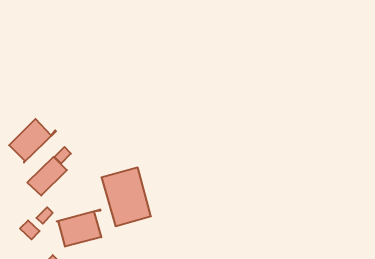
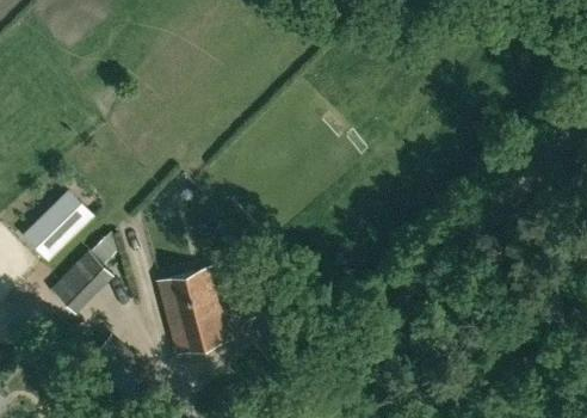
building: [57,209,101,247] -> none

